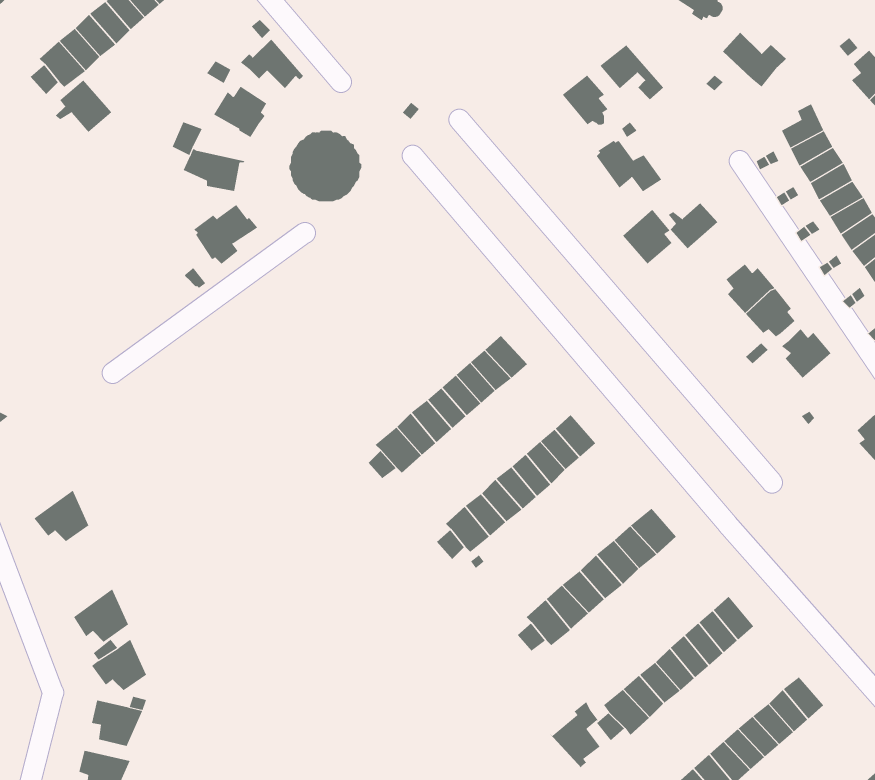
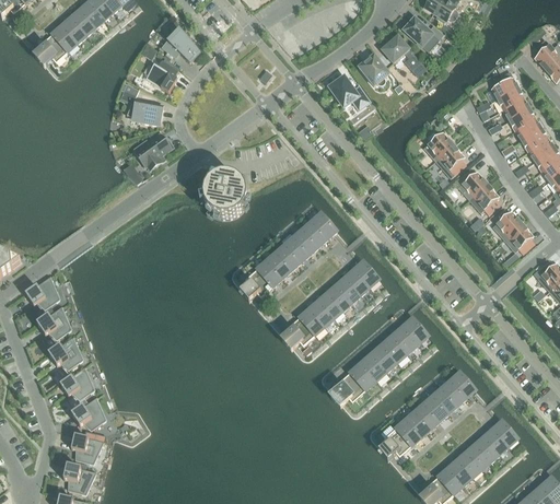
building: [722,32,787,87] -> [404,16,443,50]
building: [55,80,112,133] -> none
building: [288,130,362,202] -> [202,174,247,218]
building: [596,140,662,192] -> [329,77,370,108]
building: [622,209,672,265] -> [434,143,465,177]
building: none -> [504,223,534,253]
building: none -> [25,276,59,308]
building: none -> [48,337,82,368]
building: [549,701,601,769] -> none

